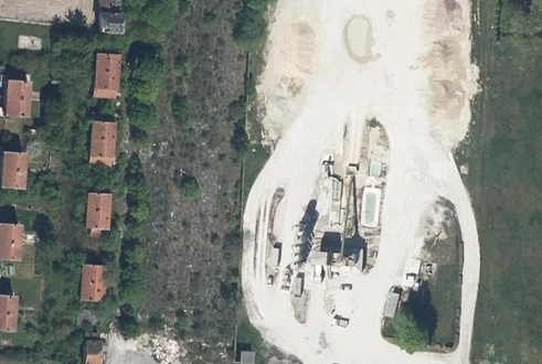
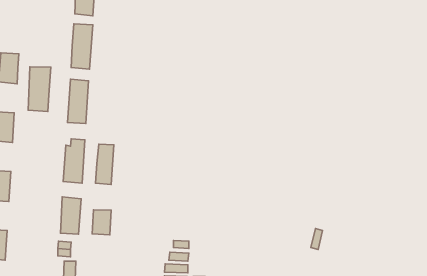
building: none -> [28,67,51,111]
building: none -> [95,144,114,185]
building: none -> [92,210,111,235]

